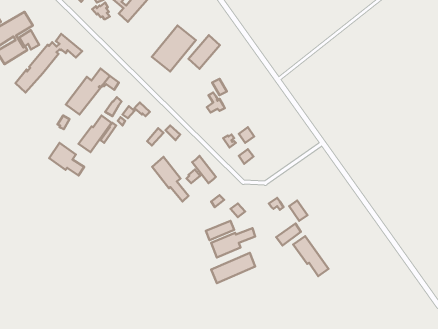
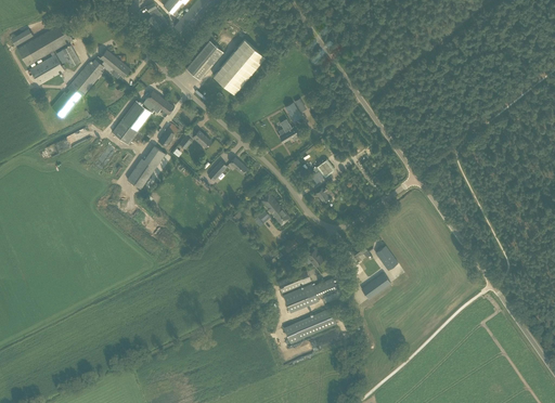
building: [189,35,220,69] -> [185,39,222,79]
building: [49,143,84,176] -> none
building: [152,157,189,202] -> none
building: [293,236,328,276] -> none

